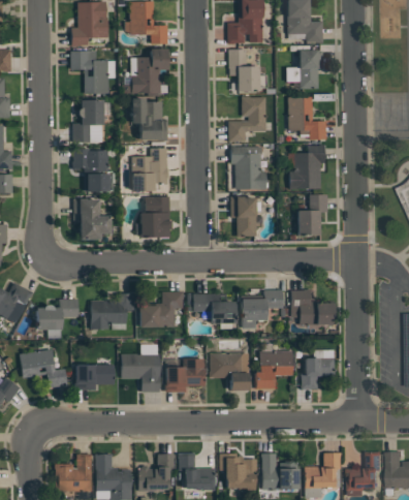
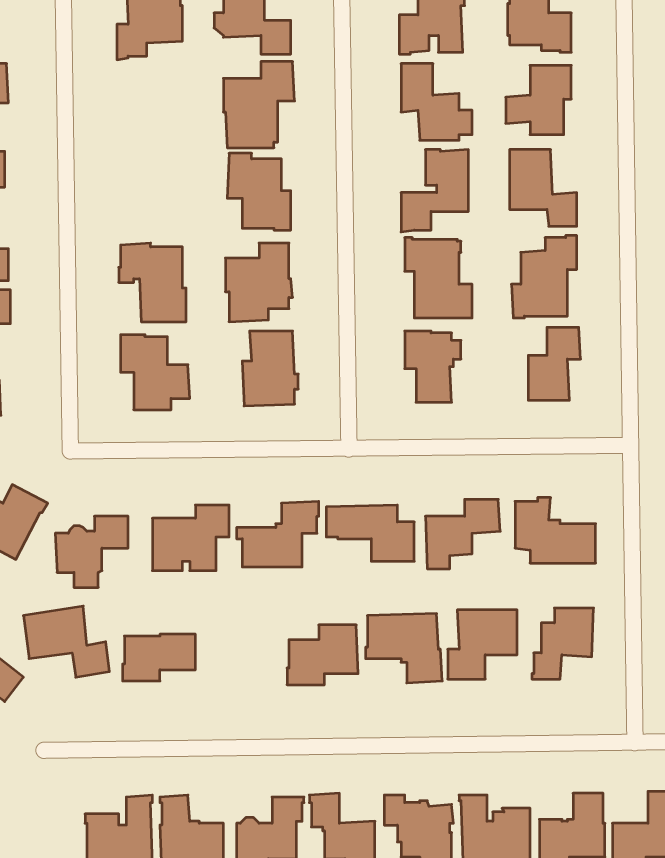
building: [70,51,115,94] -> none
building: [72,100,104,143] -> none
building: [121,345,160,393] -> none

